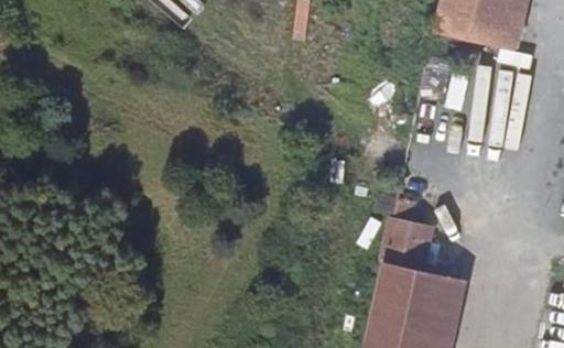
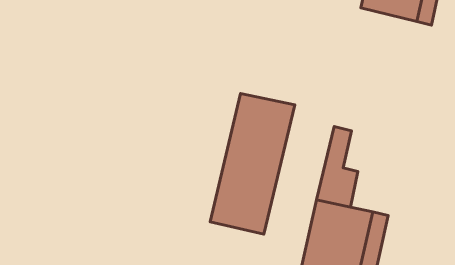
building: none -> [210,94,295,234]

